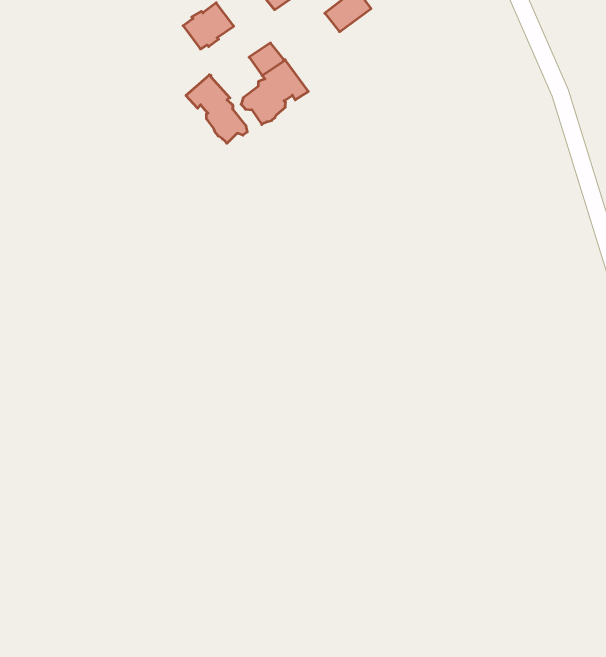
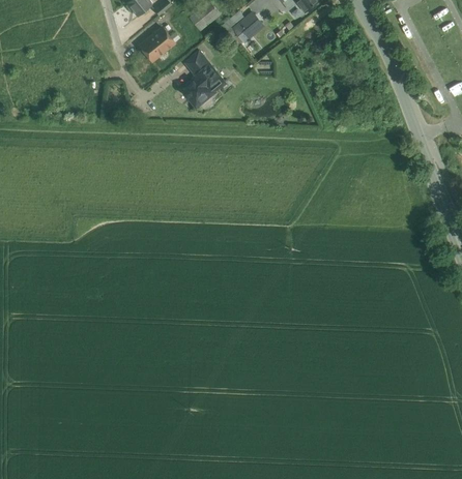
building: [186,75,247,143] -> none

